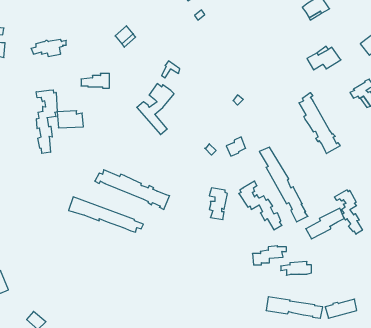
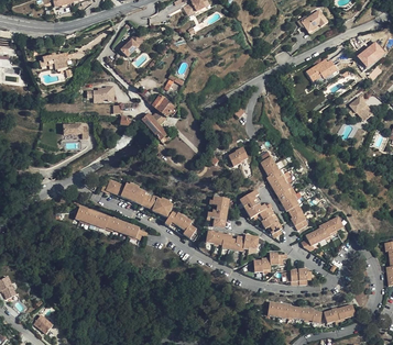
building: [36,90,57,153] -> none
building: [299,93,340,154] -> none
building: [334,190,362,234] -> none
building: none -> [164,211,197,241]
building: none -> [205,231,259,252]

